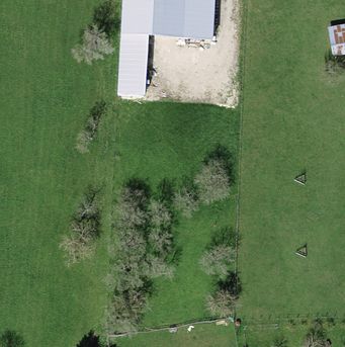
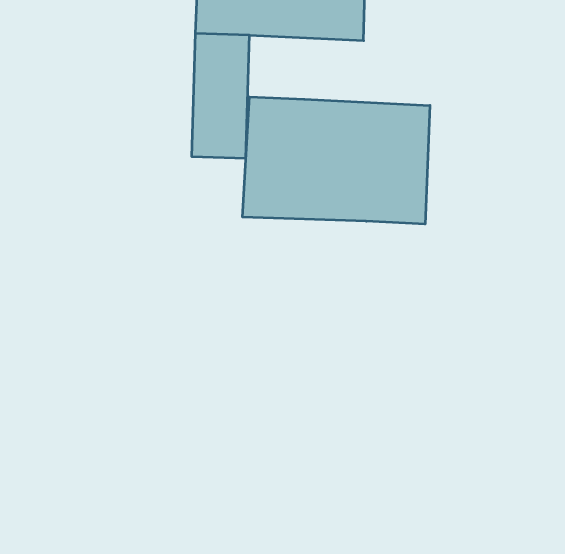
building: none -> [243,97,430,224]

